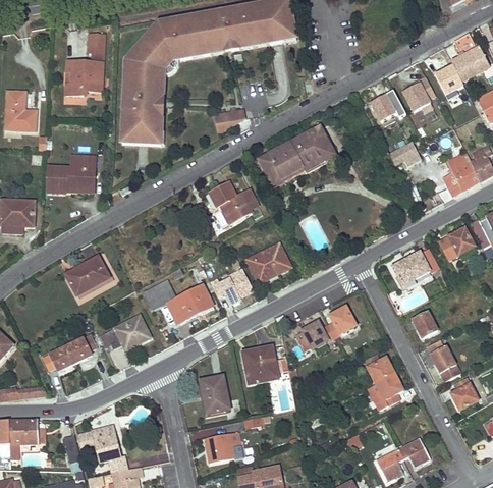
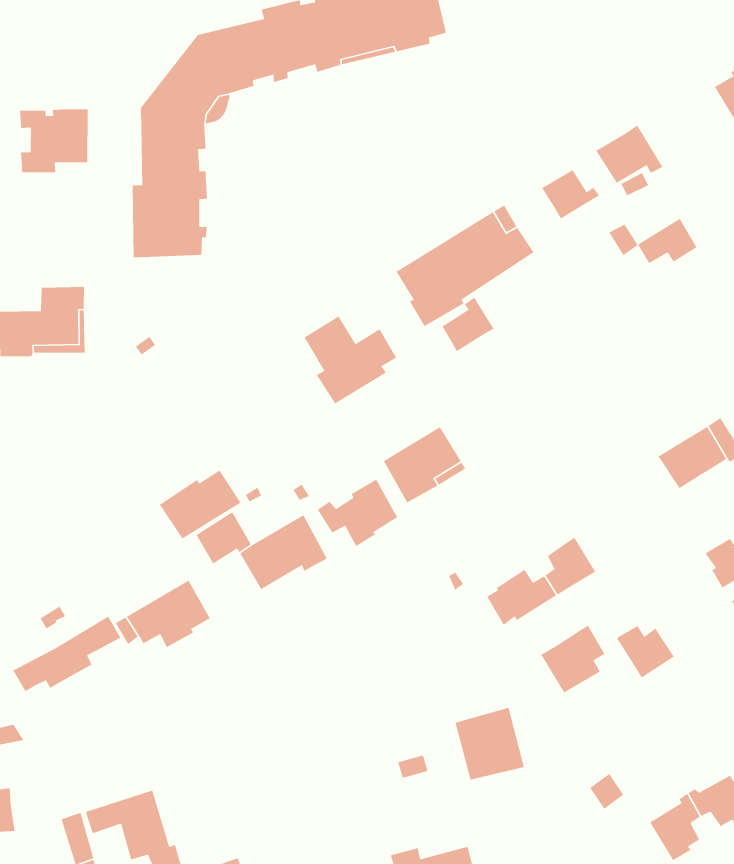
building: [123,15,199,104] -> none
building: [88,34,104,62] -> none
building: [402,76,435,112] -> none
building: [215,109,244,132] -> none
building: none -> [541,169,600,220]
building: none -> [441,297,494,352]
building: [65,259,109,294] -> [159,470,241,539]
building: [242,345,278,383] -> [455,707,525,781]
building: [368,373,402,409] -> [540,624,606,693]
building: [200,376,230,414] -> none
building: [207,431,240,463] -> none

